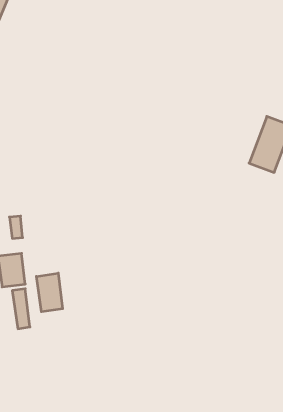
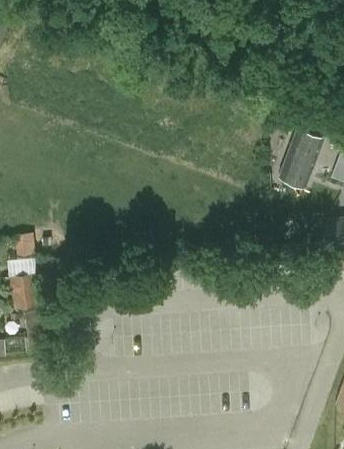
building: [36,273,63,312] -> none

